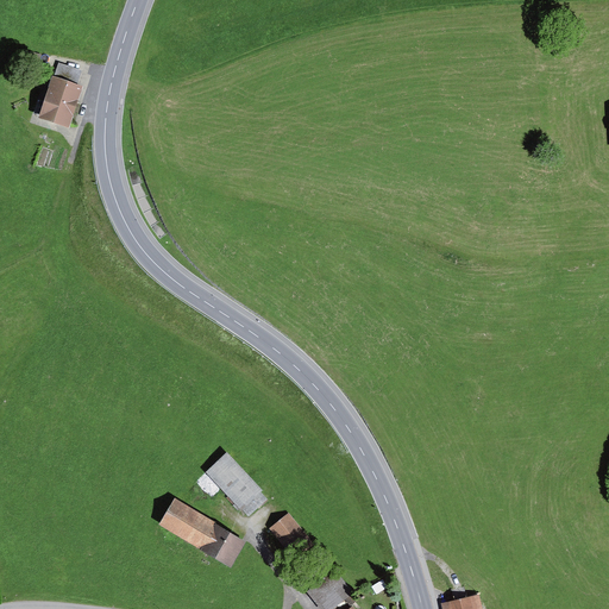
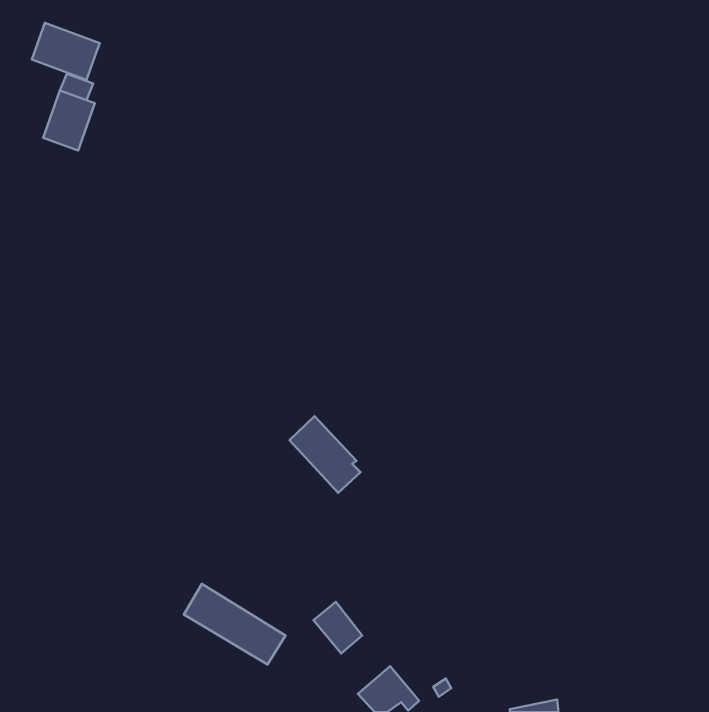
building: none -> [32,23,100,80]
building: [205,452,265,517] -> [290,416,361,493]

